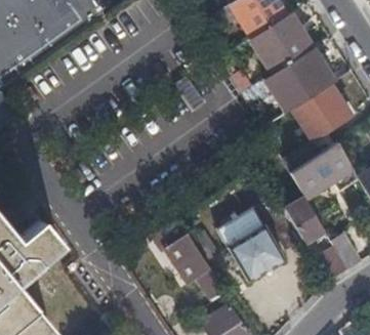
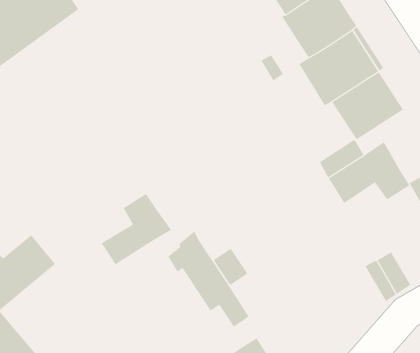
building: none -> [101,193,172,265]
building: [284,197,323,243] -> none
building: [219,208,284,280] -> none

